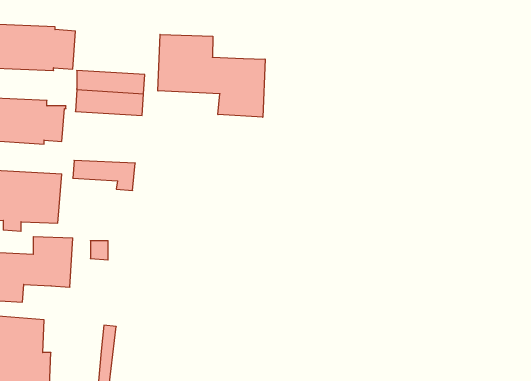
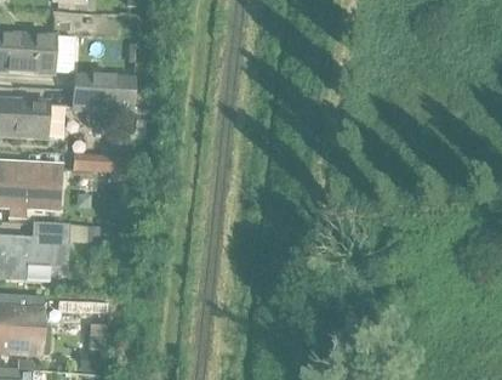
building: [158,34,265,117] -> none

